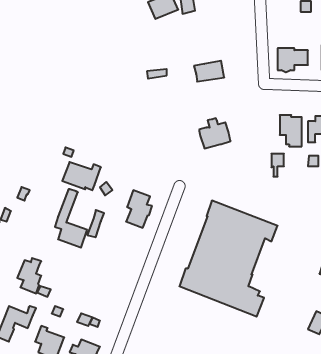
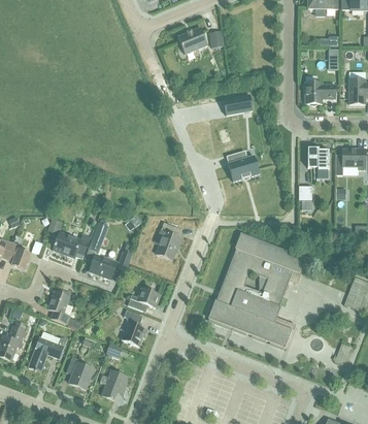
building: [62,162,101,190] -> [52,231,90,259]
building: none -> [128,287,161,309]
building: none -> [122,308,147,346]

